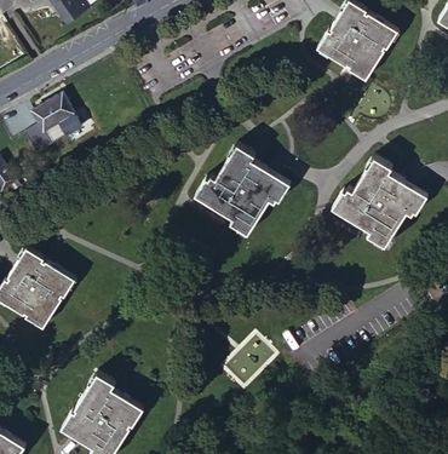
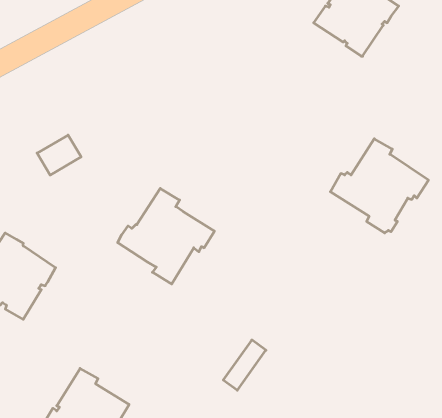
building: [33,94,74,132] -> [37,135,81,175]
building: [197,143,288,232] -> [118,188,214,284]

